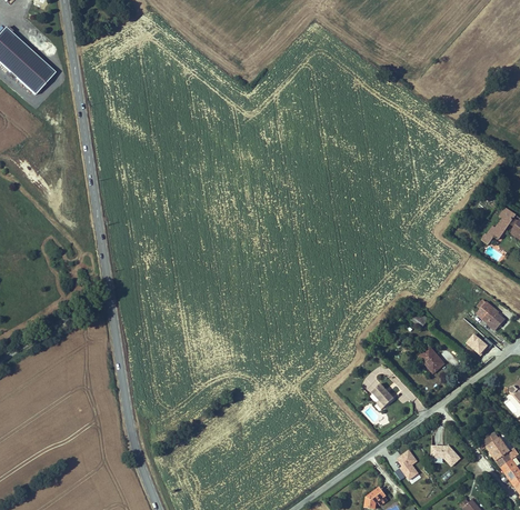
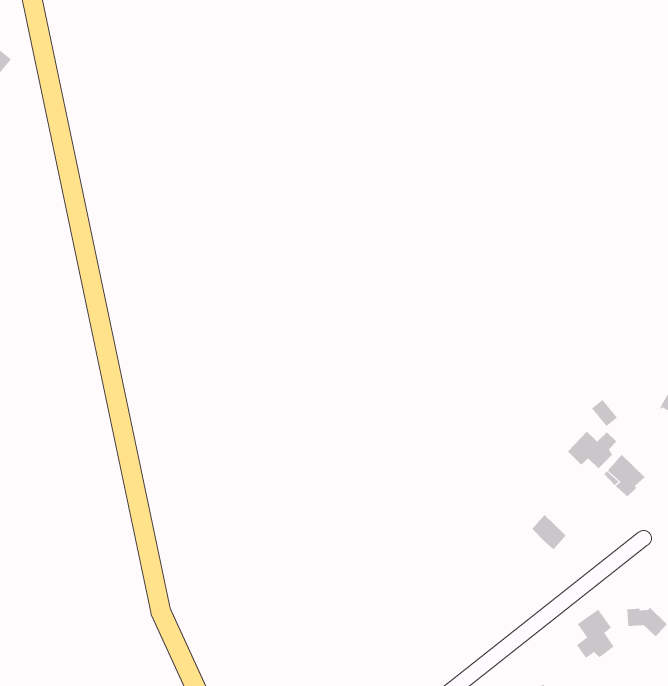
building: none -> [567,431,617,469]

